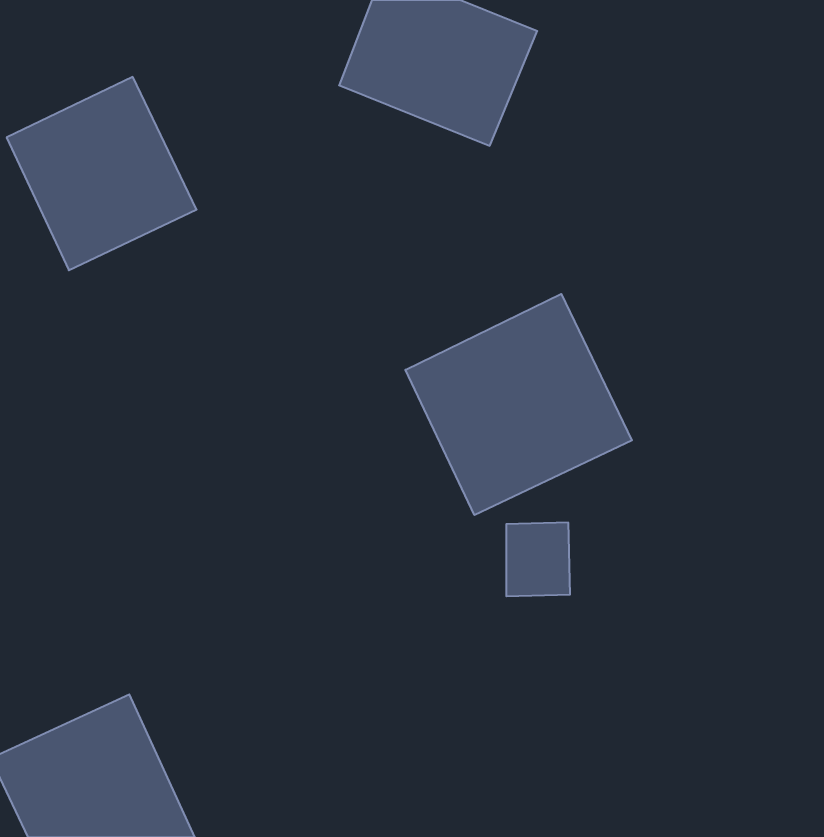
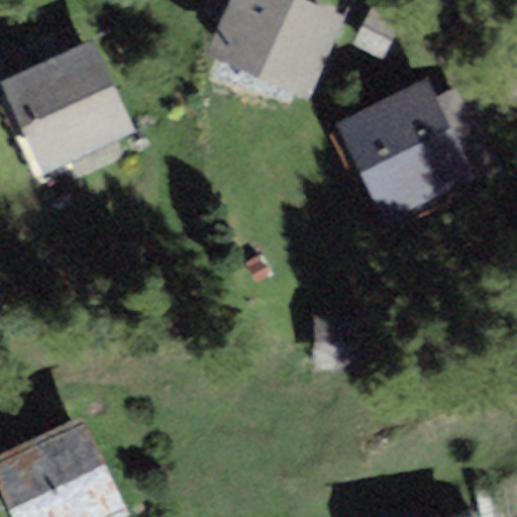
building: none -> [340,89,459,212]
building: [405,294,632,515] -> none

